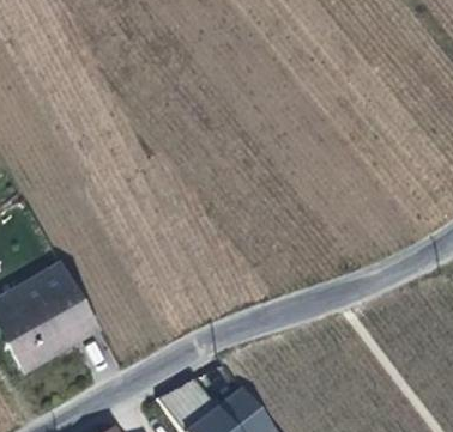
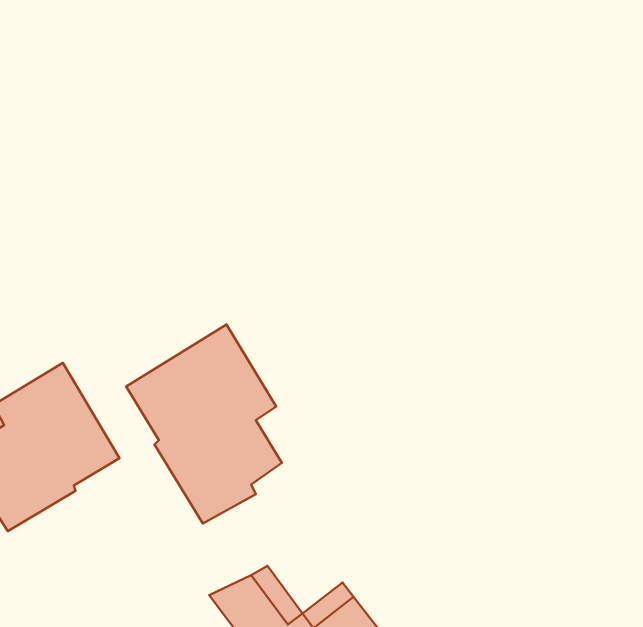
building: none -> [126,325,282,523]

